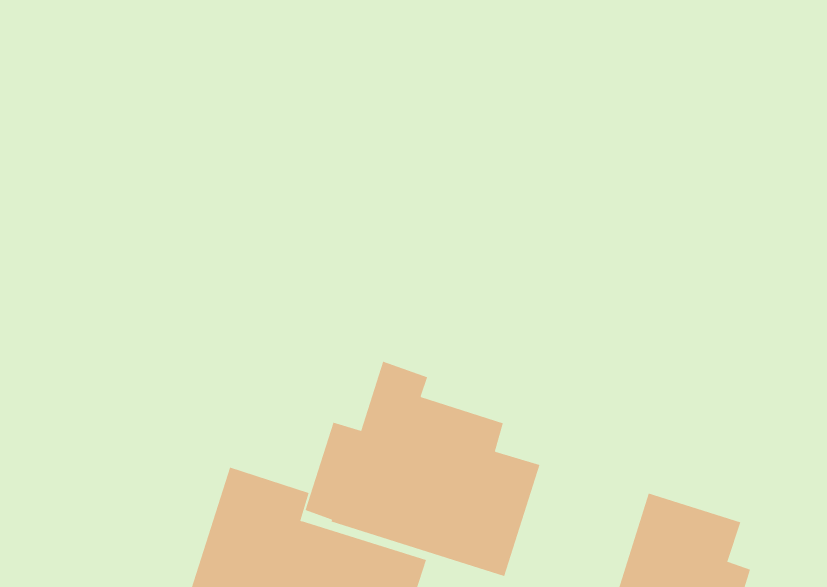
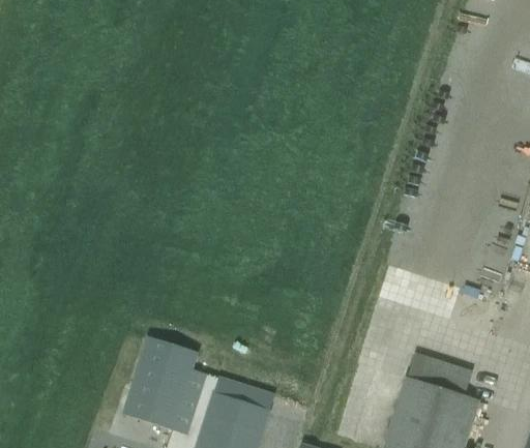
building: [305,361,540,577] -> none

